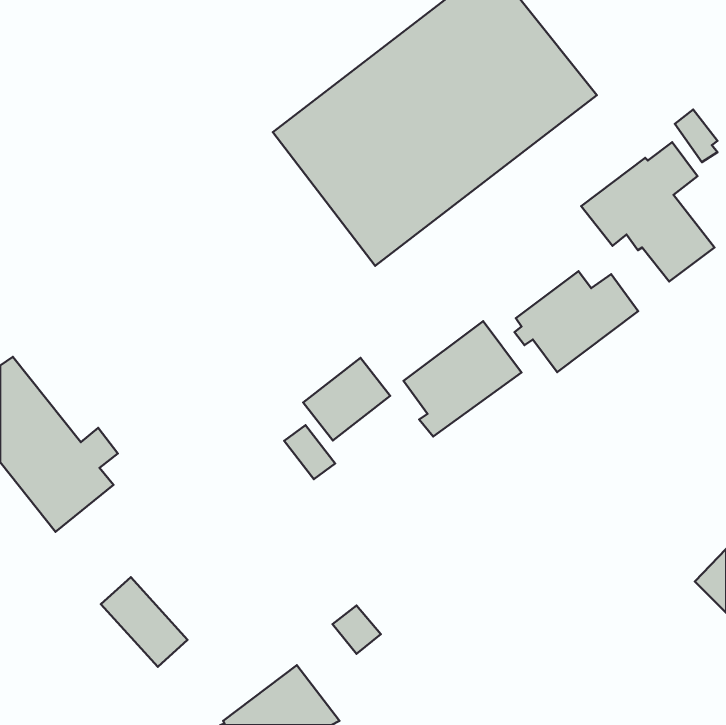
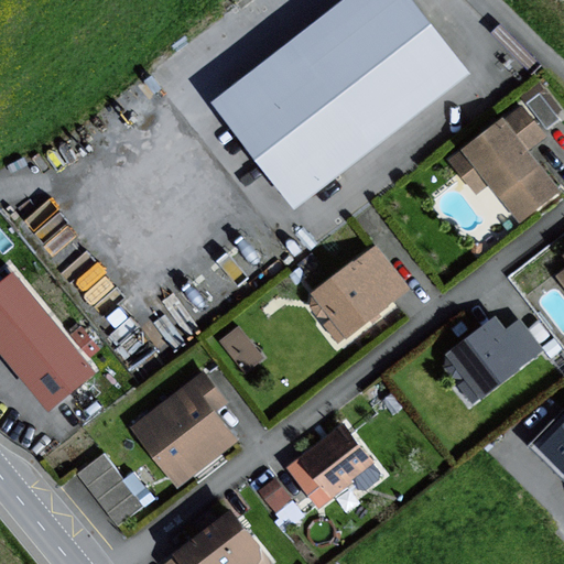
building: [514,271,638,372] -> [444,318,540,397]
building: [303,358,390,440] -> none
building: none -> [132,375,231,485]
building: none -> [293,432,370,502]

